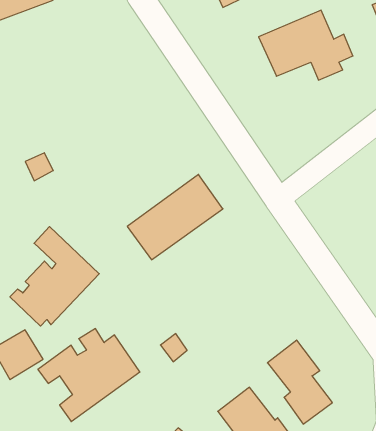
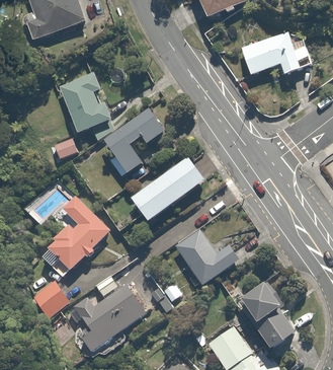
building: none -> [60,71,114,137]
building: none -> [102,104,169,175]
building: none -> [176,230,243,287]

